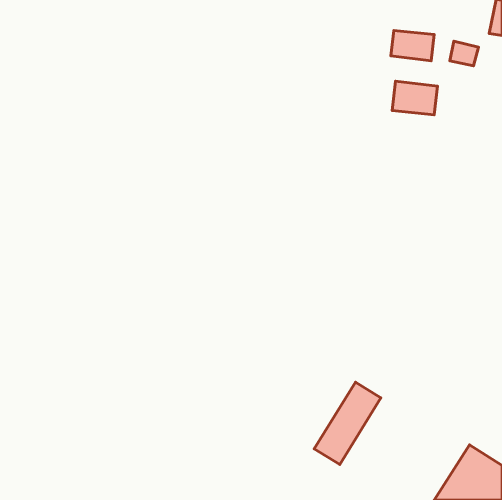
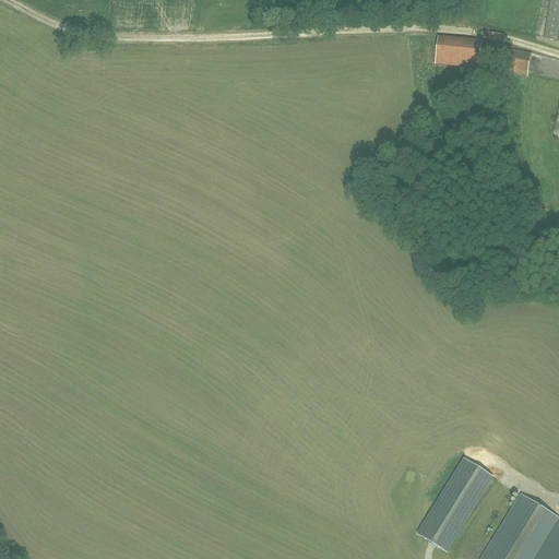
building: [392,81,437,115] -> none
building: [314,382,381,465] -> [418,459,492,550]

